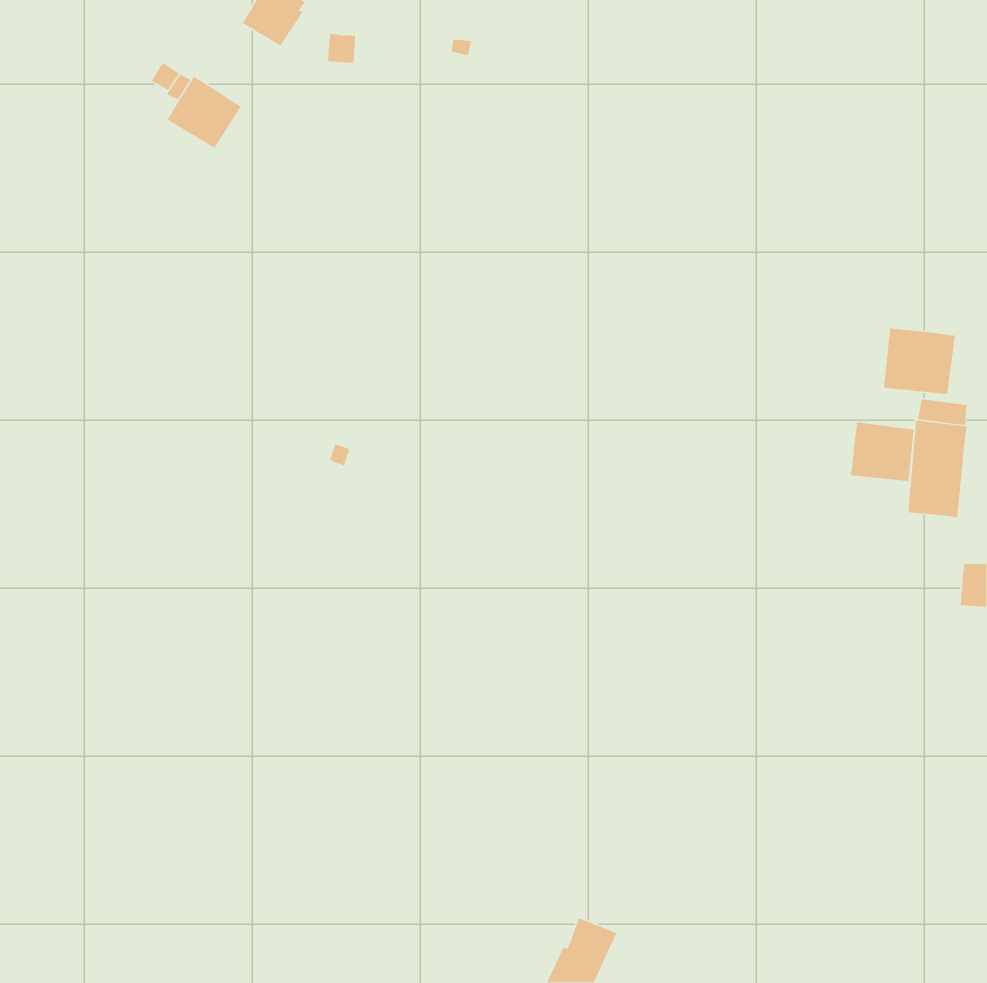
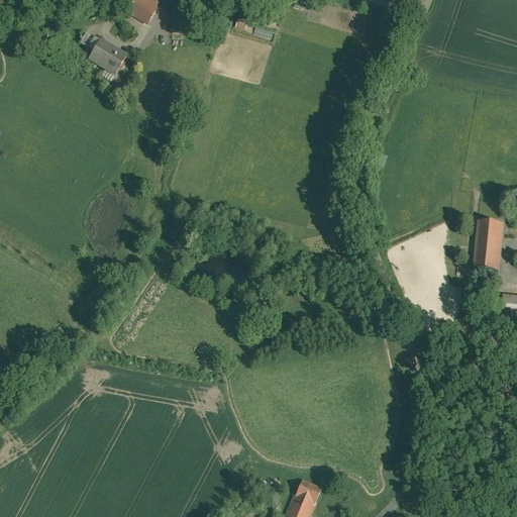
building: [883,327,956,395] -> none
building: [850,422,915,482] -> none

